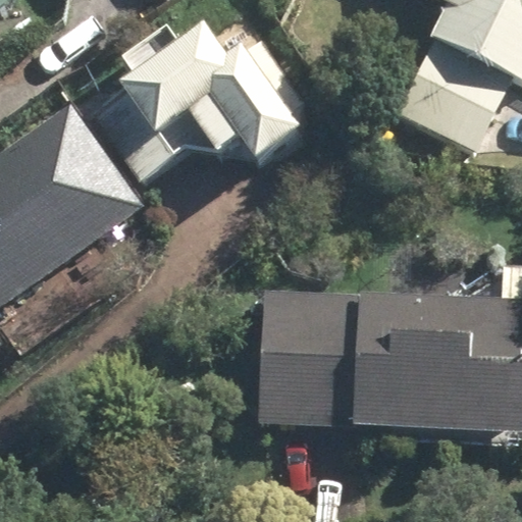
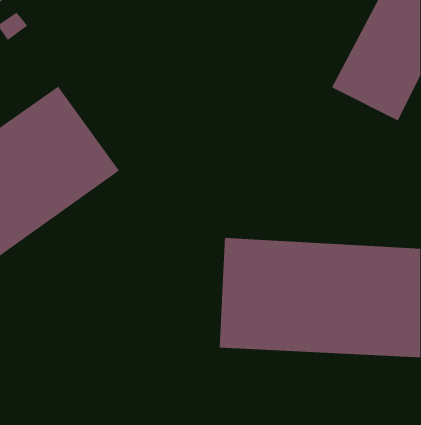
building: [91,29,311,182] -> none

